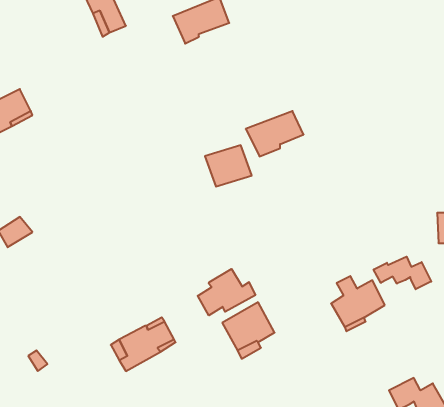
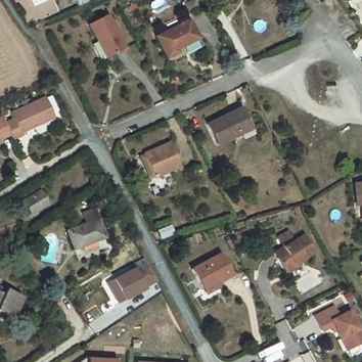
building: [205,145,252,187] -> [144,138,179,169]
building: none -> [73,207,111,259]
building: [374,257,431,289] -> none
building: [198,269,255,315] -> none

